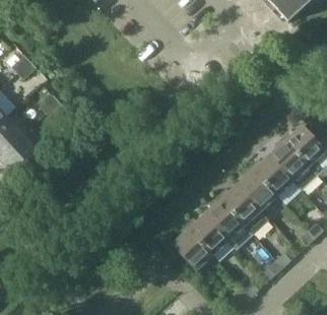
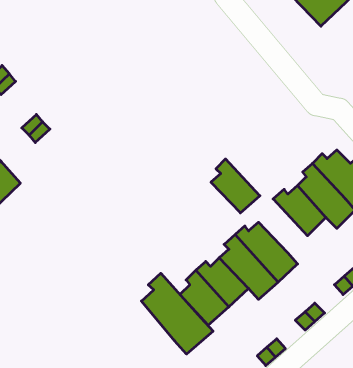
building: [237,167,277,211] -> [211,159,260,213]
building: none -> [141,273,213,354]

